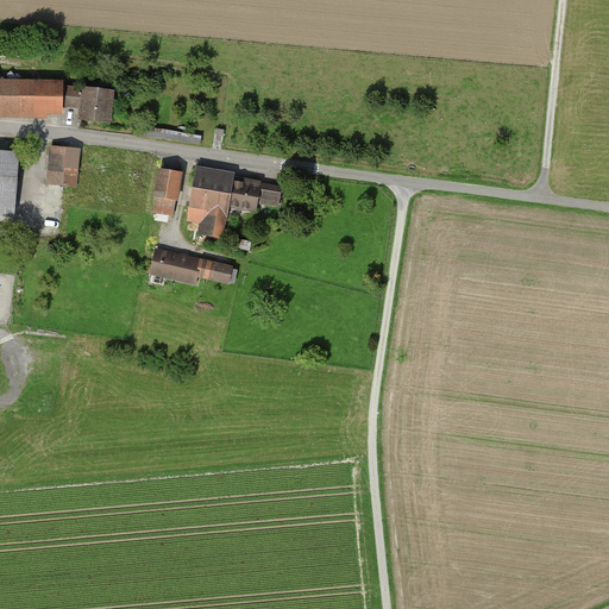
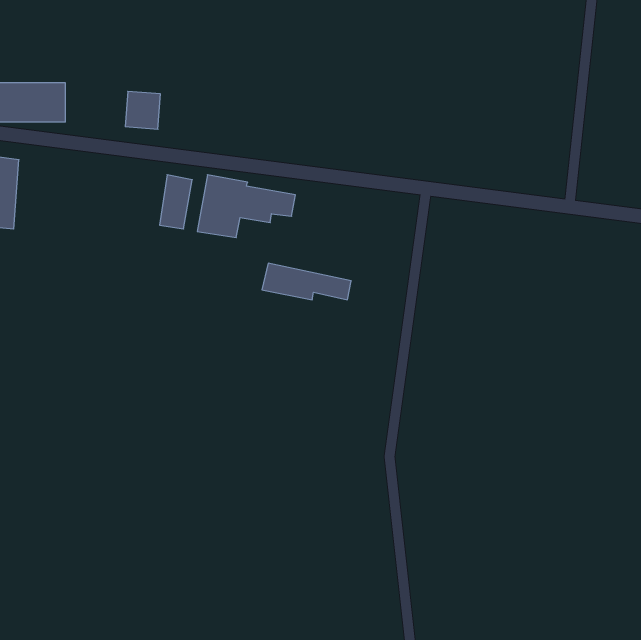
building: [80,84,113,120] -> [125,91,160,129]
building: [45,144,80,187] -> none
building: [150,250,234,284] -> [262,263,351,300]

